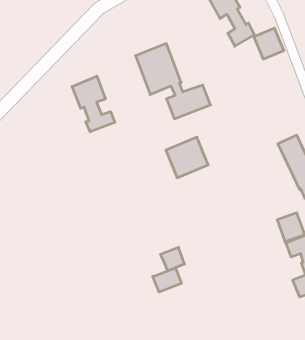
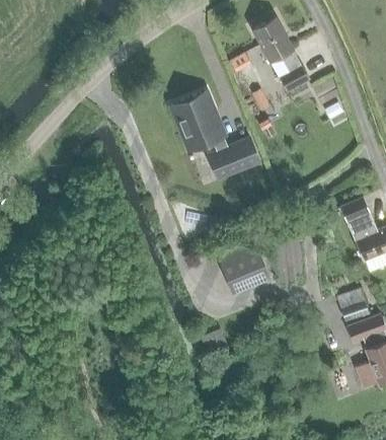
building: [72,76,115,132] -> none
building: [166,137,208,178] -> [218,241,267,289]
building: [153,268,182,292] -> none

